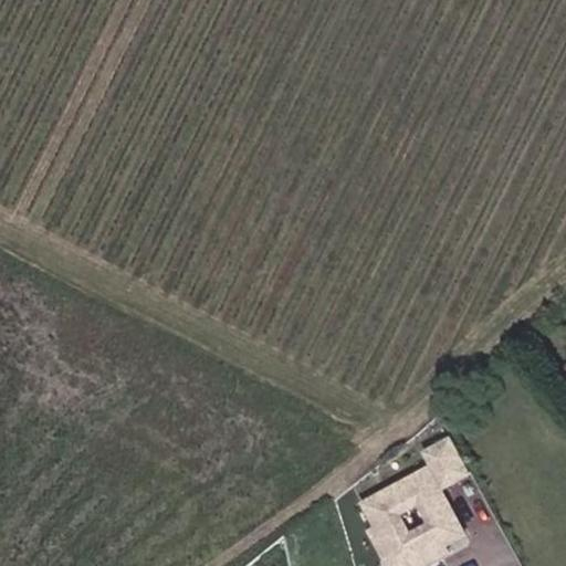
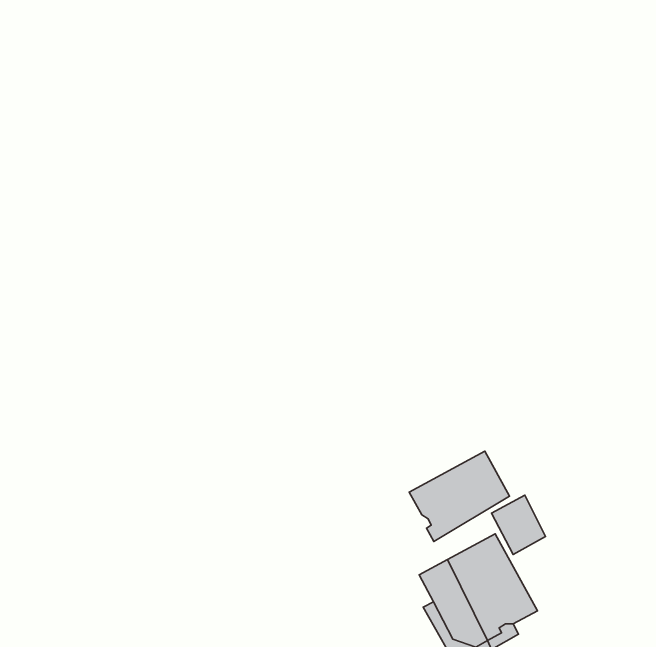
building: none -> [409,451,509,541]

